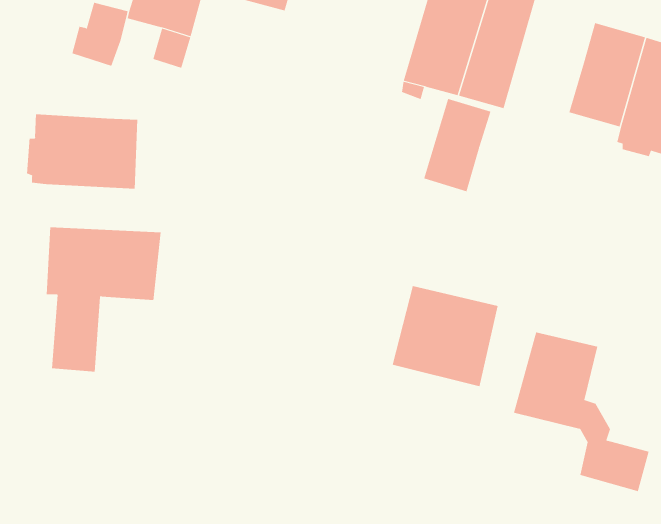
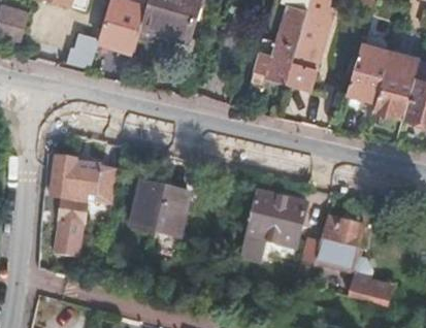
building: [423,98,491,192] -> none
building: [27,114,138,190] -> none
building: none -> [132,182,190,236]

